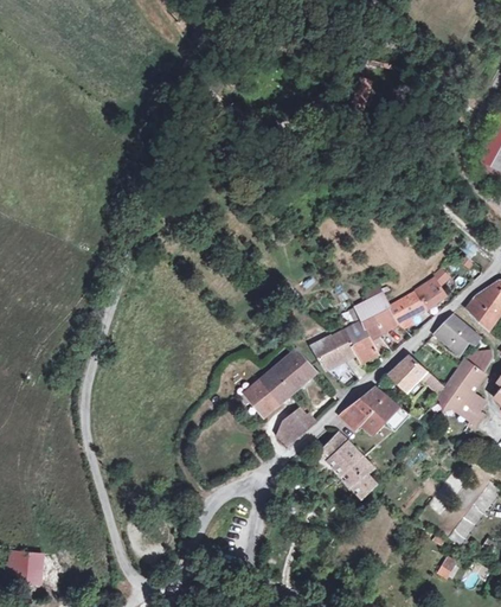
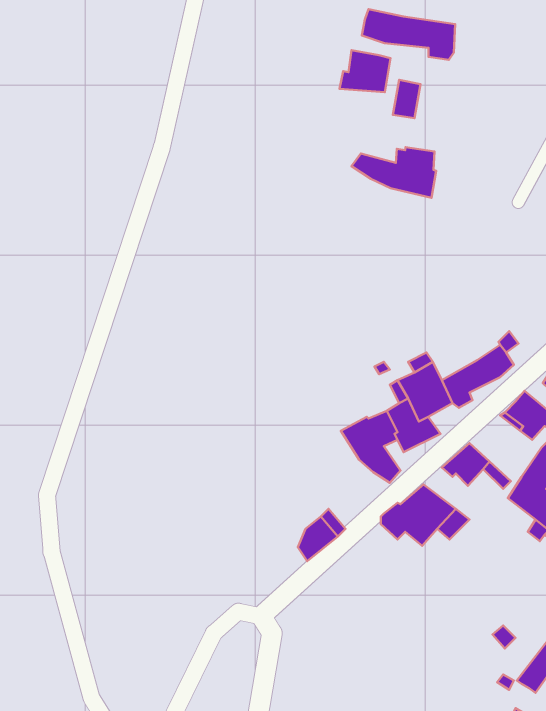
building: none -> [362,9,455,60]
building: none -> [340,50,391,92]
building: none -> [351,147,436,198]
building: [244,351,315,415] -> none
building: [319,430,377,496] -> none

